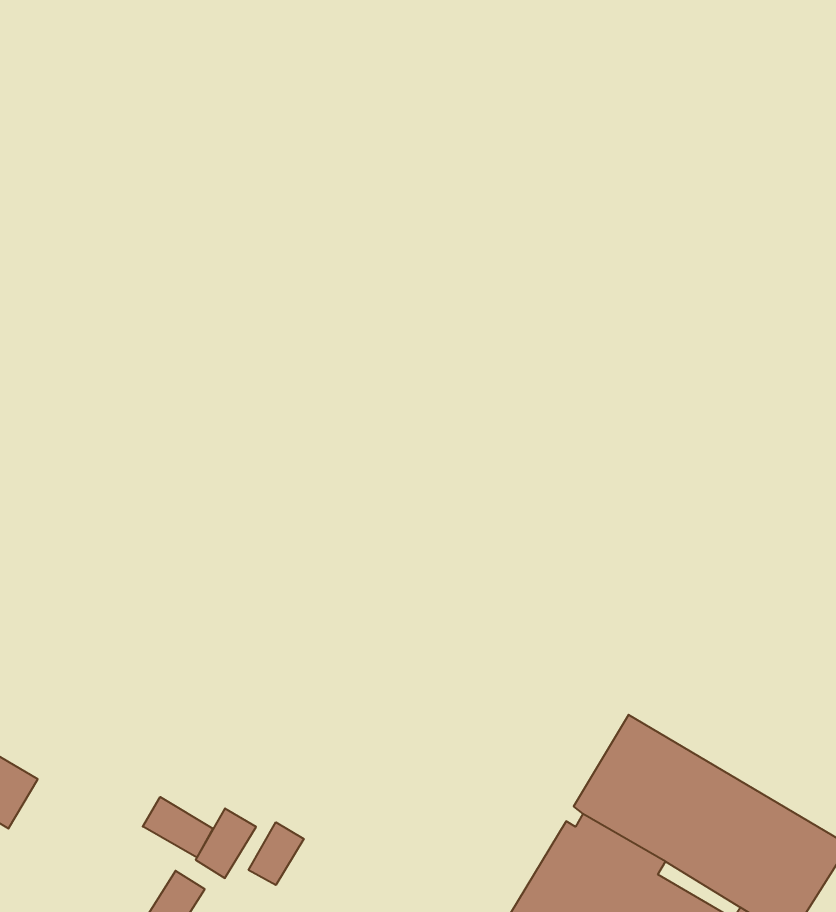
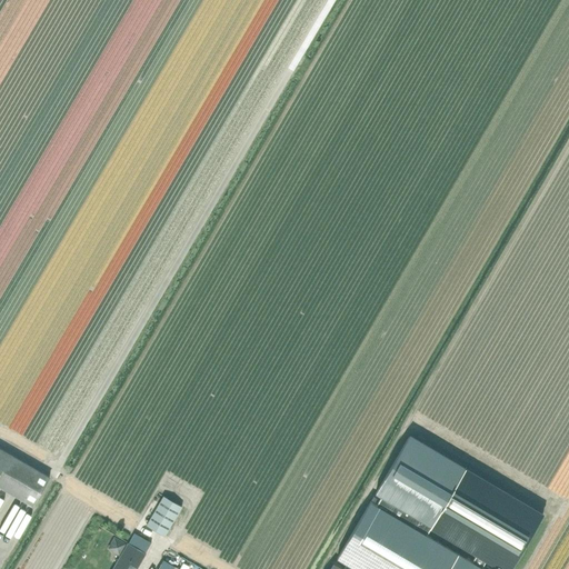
building: [143,797,213,858] -> none
building: [249,822,304,885] -> none

